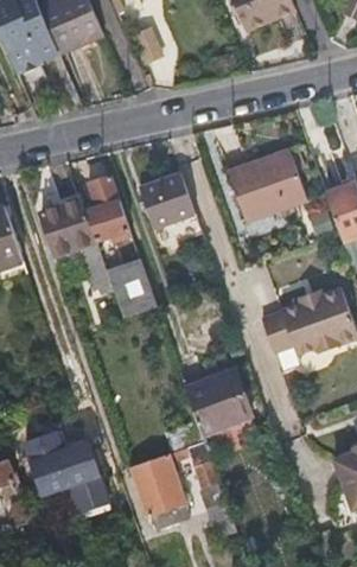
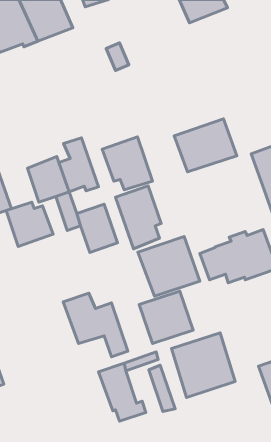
building: none -> [115,186,161,249]
building: none -> [6,202,53,246]
building: none -> [138,236,200,296]
building: none -> [171,333,235,398]
building: [32,429,113,509] -> [63,293,128,357]

